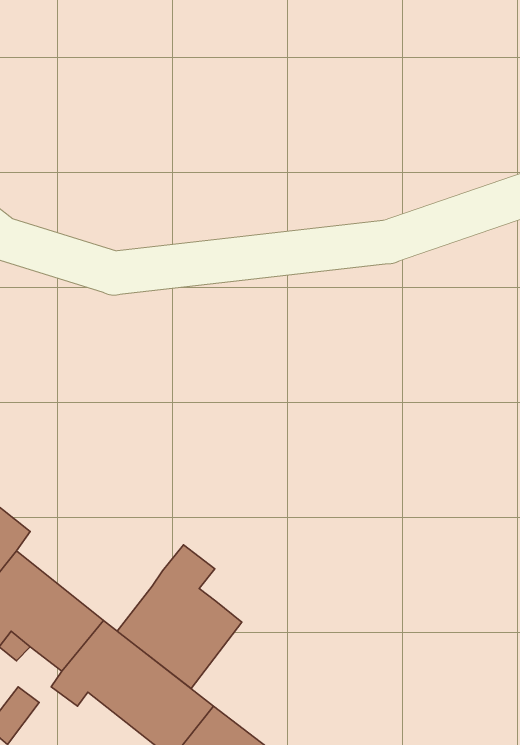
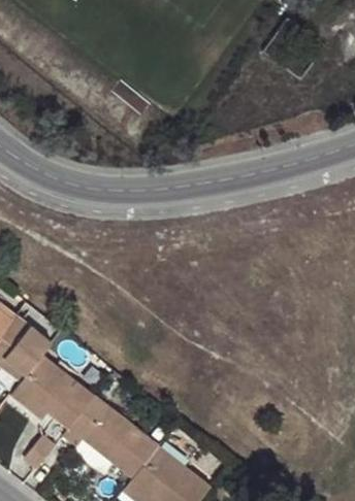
building: [117,545,242,689] -> none

